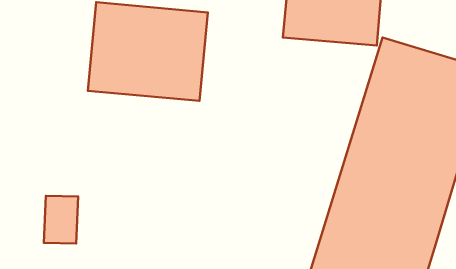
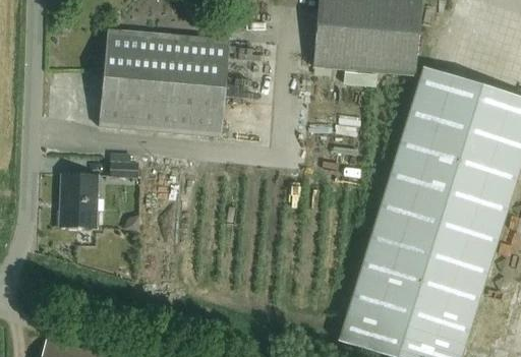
building: none -> [110,154,137,176]
building: [44,196,78,244] -> [60,173,98,226]

